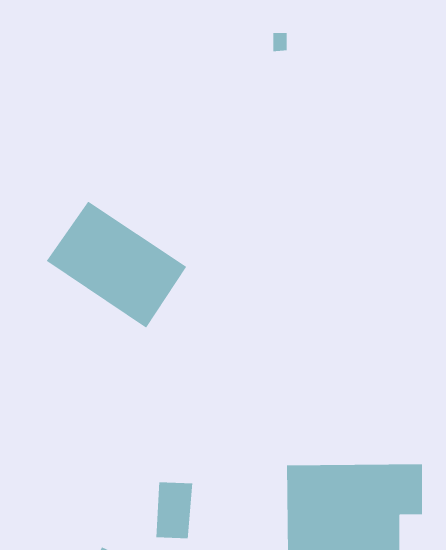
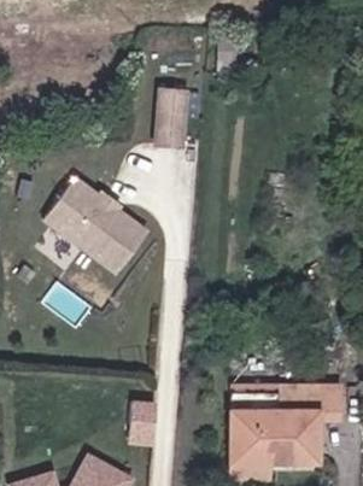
building: none -> [151,86,187,146]

